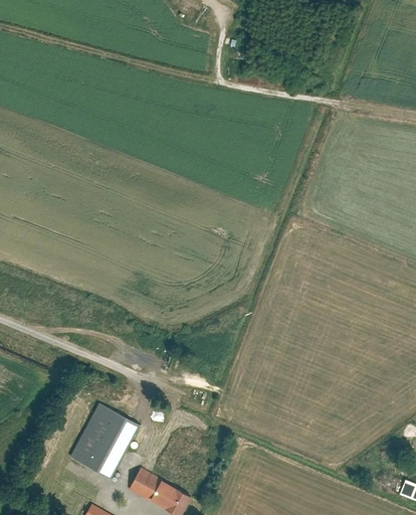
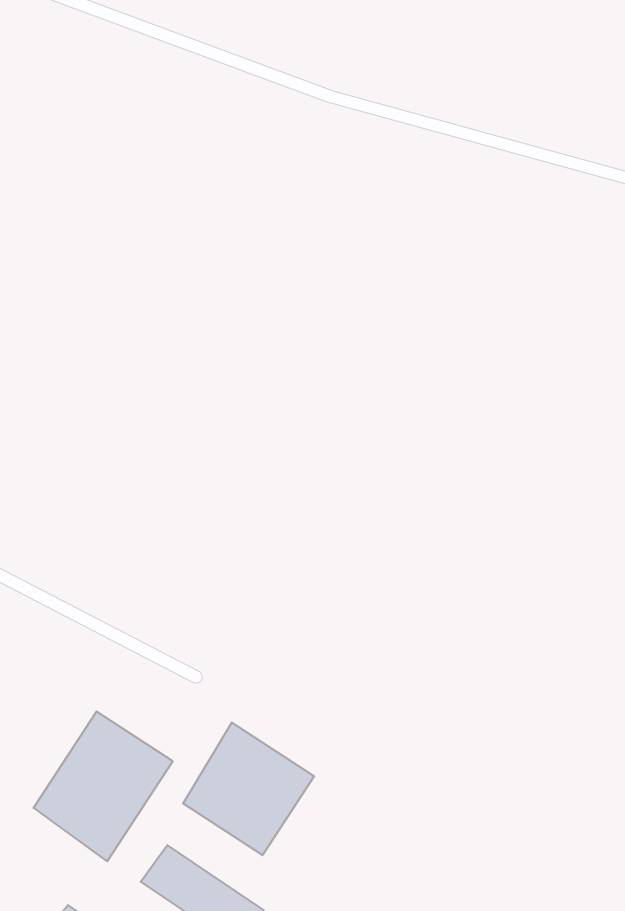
building: none -> [183,722,314,855]

